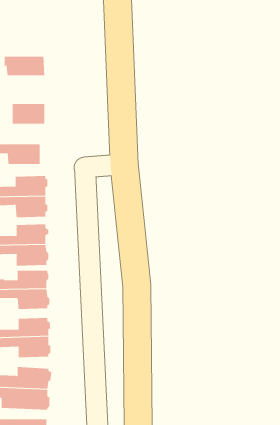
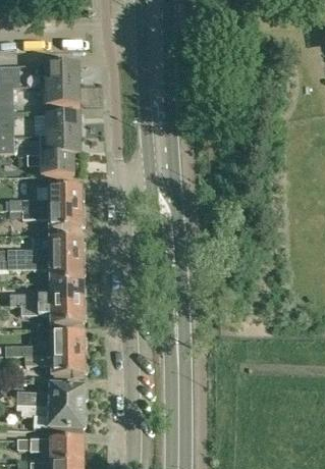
building: none -> [44,84,79,105]
building: none -> [40,134,79,154]

